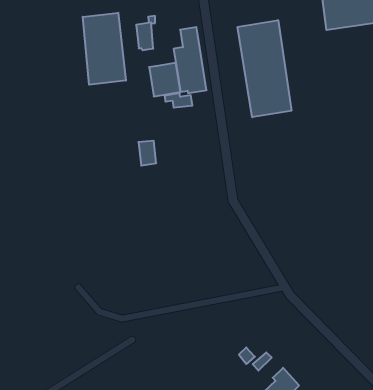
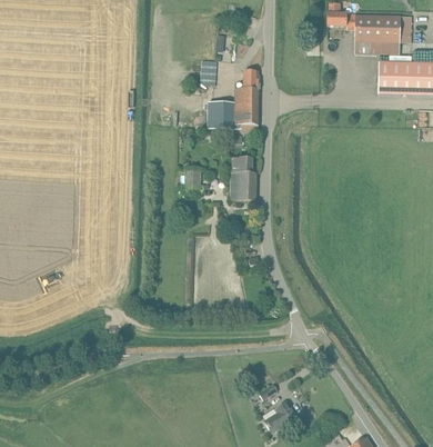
building: [83,13,126,85] -> none
building: [238,20,291,117] -> none
building: none -> [230,157,255,200]

